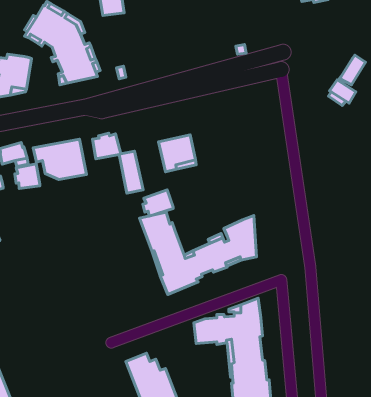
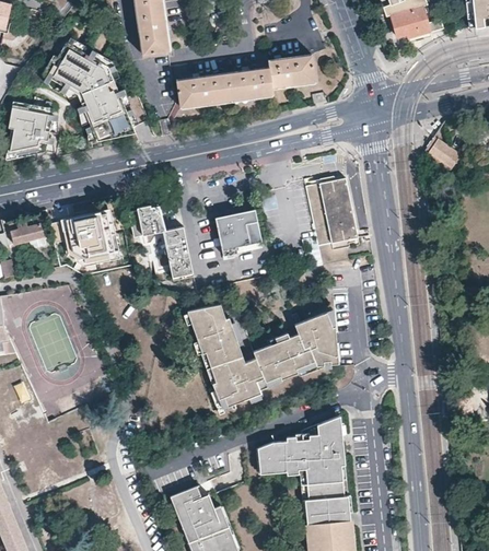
building: none -> [175,55,314,107]
building: [340,55,366,85] -> none
building: none -> [306,178,358,267]
building: [15,164,40,189] -> none
building: [143,190,173,216] -> none

